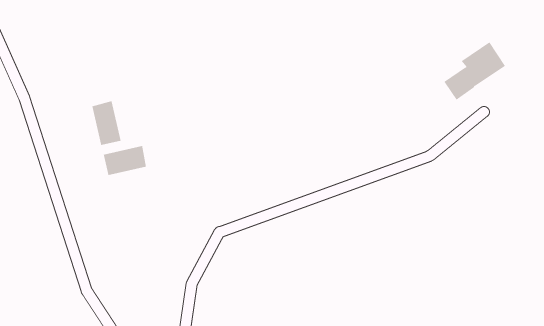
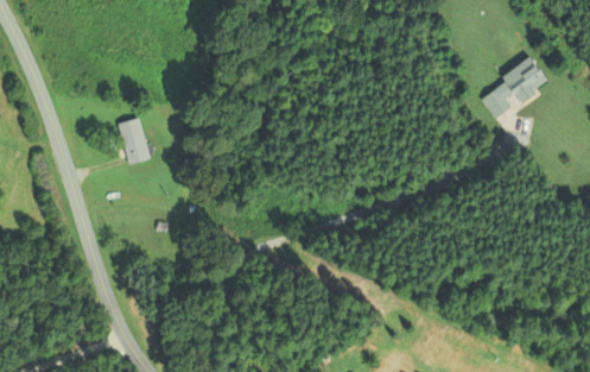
building: [103,145,147,176] -> none

